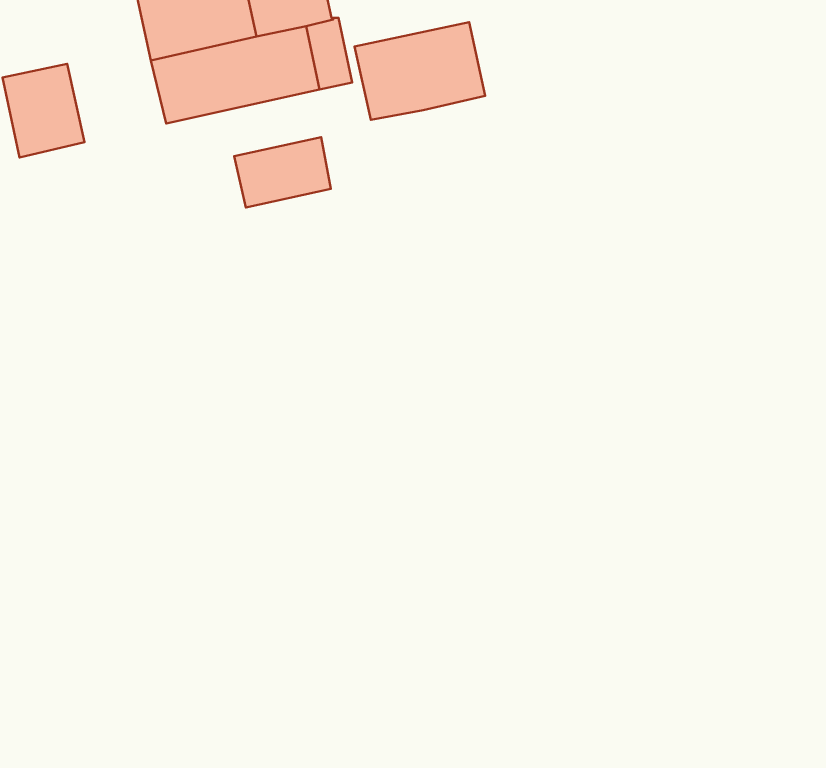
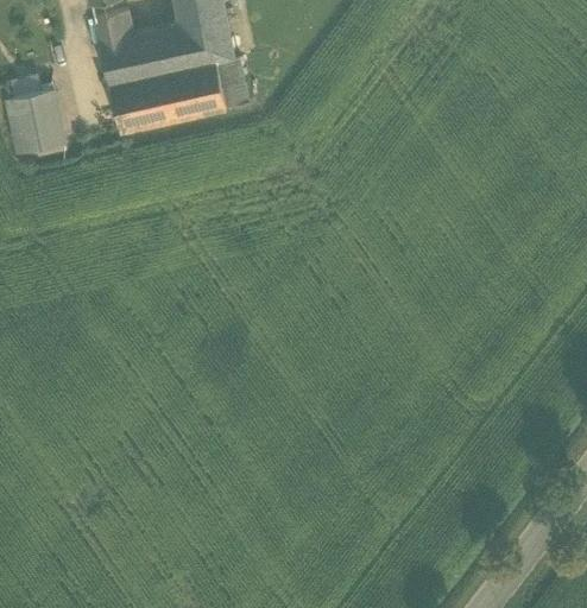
building: [355,22,485,120] -> none
building: [234,137,331,207] -> none

